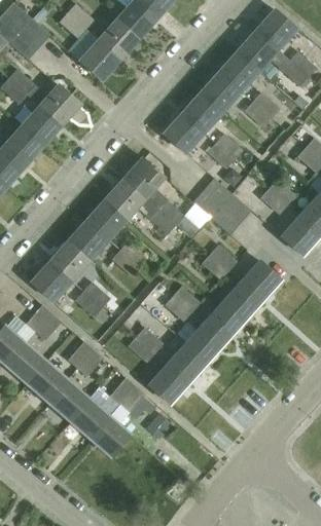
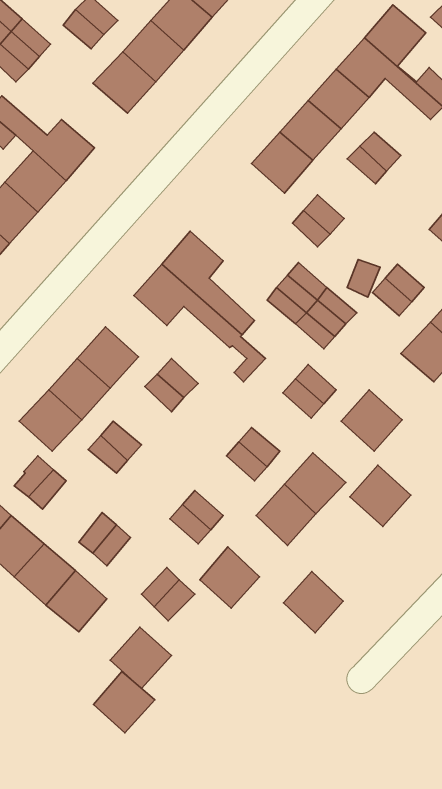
building: [163,113,203,153] -> none
building: [85,199,126,239] -> none
building: [221,281,261,322] -> [350,465,411,527]
building: [166,343,205,383] -> [284,571,343,633]
building: [68,398,108,438] -> [94,672,155,733]

